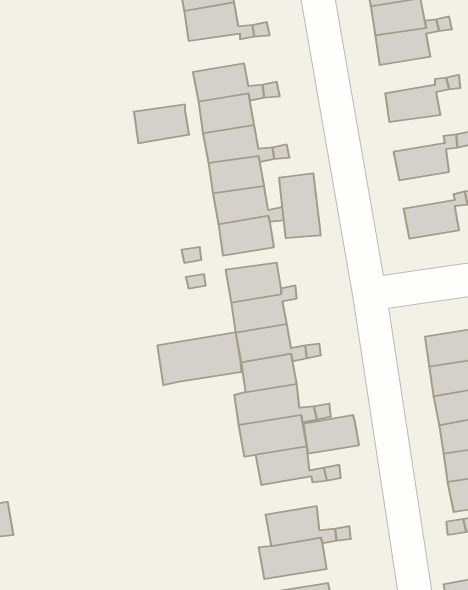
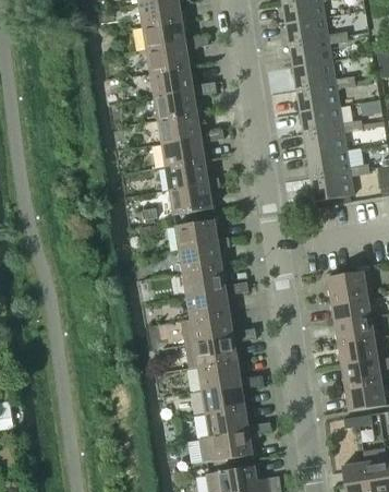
building: none -> [292,61,335,89]
building: [134,105,189,143] -> [146,44,189,73]
building: none -> [300,106,342,134]
building: none -> [307,149,350,178]
building: [279,173,320,238] -> none
building: [158,332,241,385] -> none
building: [303,415,359,454] -> [202,383,244,412]

